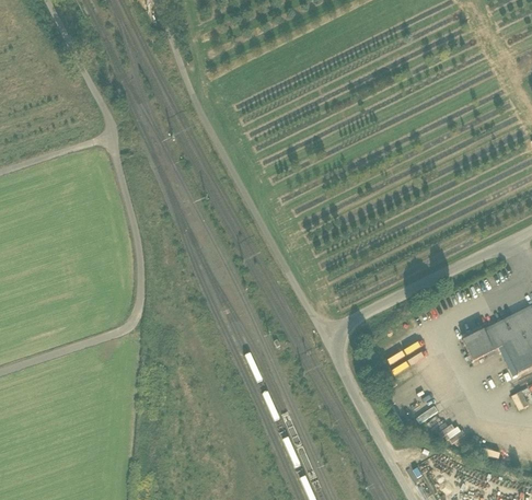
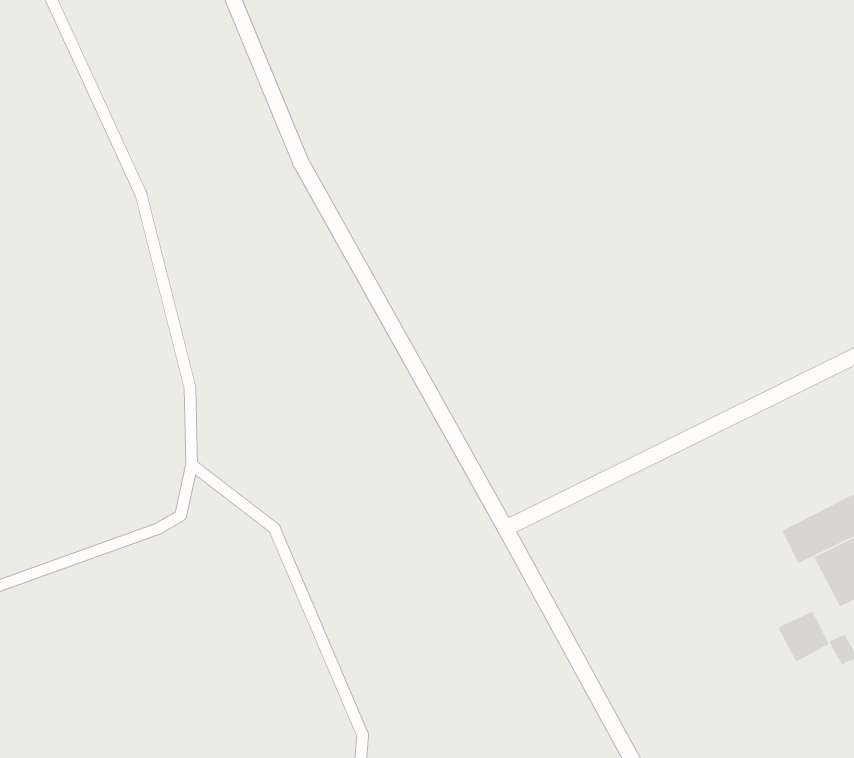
building: [461,328,491,359] -> [777,610,830,663]

